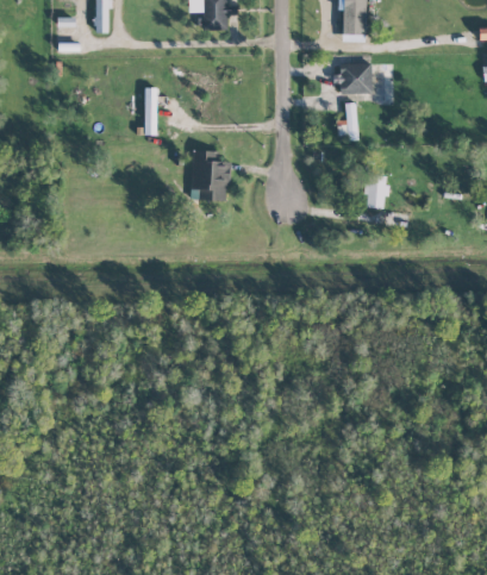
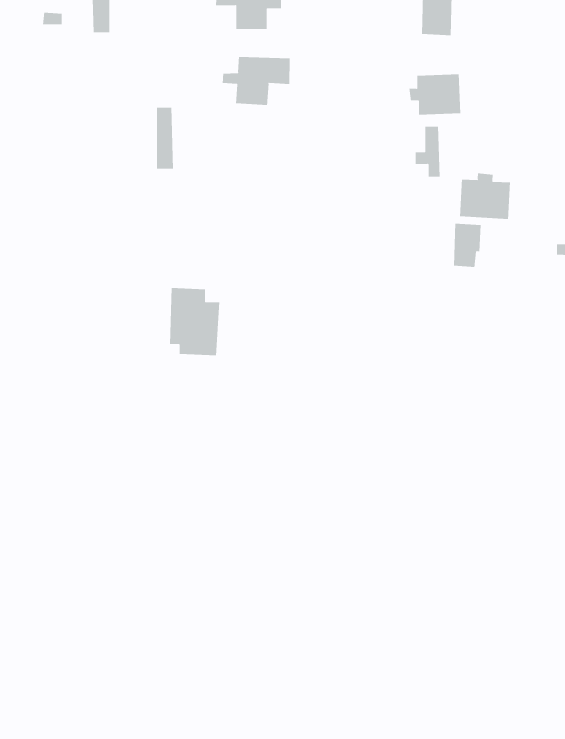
building: none -> [222,56,290,106]
building: none -> [459,172,511,220]
building: [192,150,230,201] -> [169,287,220,356]

